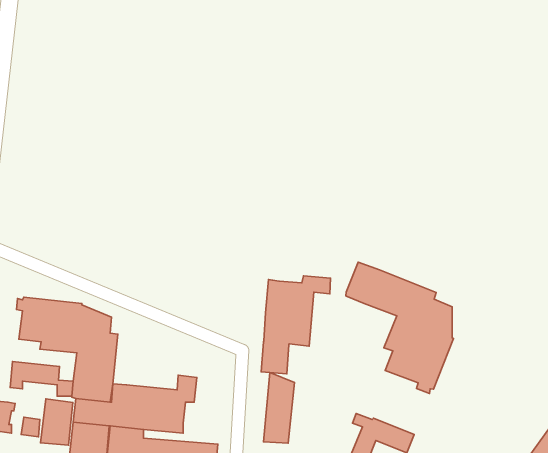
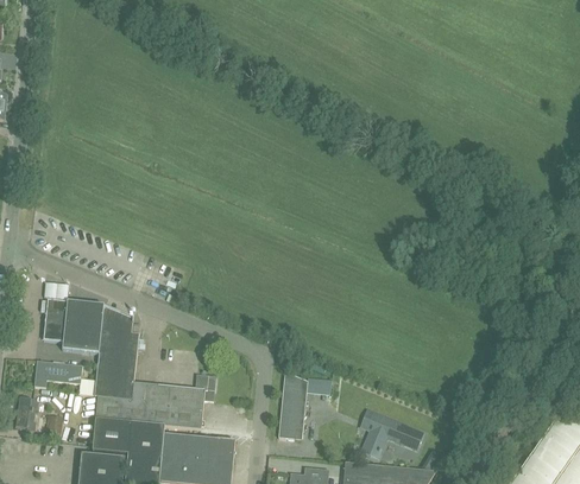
building: [346,262,454,393] -> none
building: [261,276,330,374] -> none
building: [41,399,73,445] -> none

